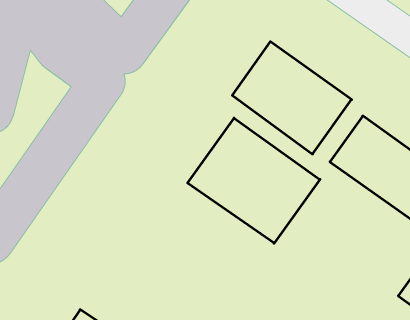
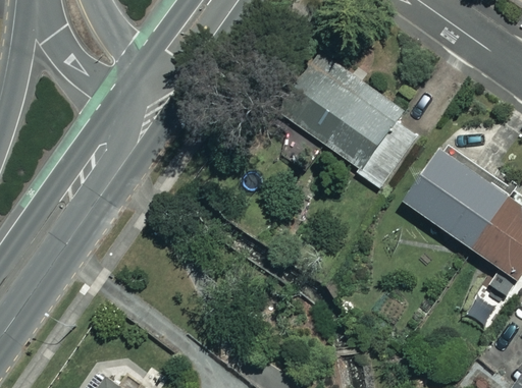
building: [188,118,320,243] -> none

